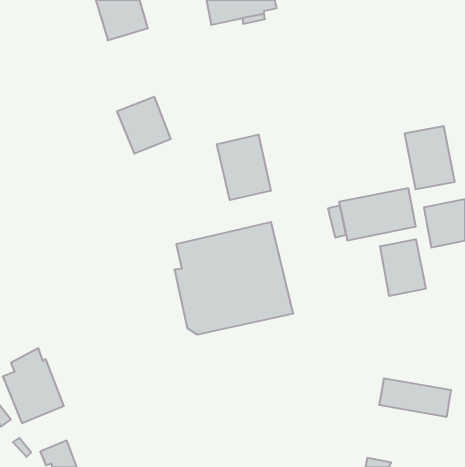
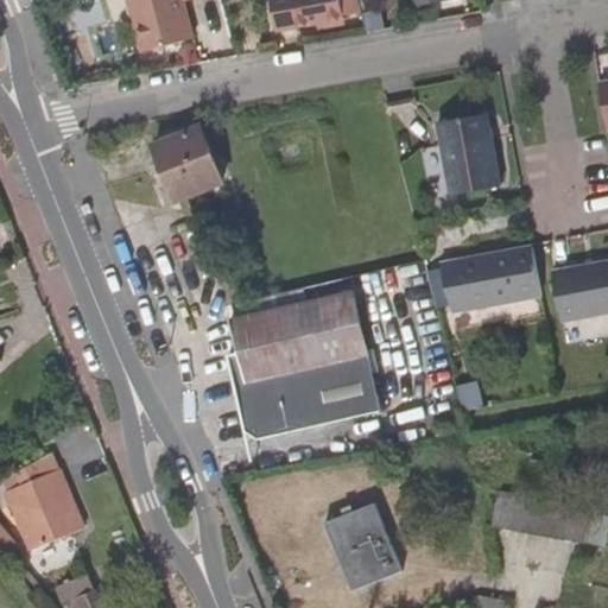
building: [405,126,455,189] -> [436,113,501,195]
building: [217,134,271,200] -> none
building: [380,239,426,296] -> none
building: none -> [324,504,400,590]

